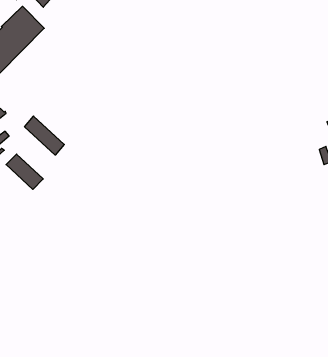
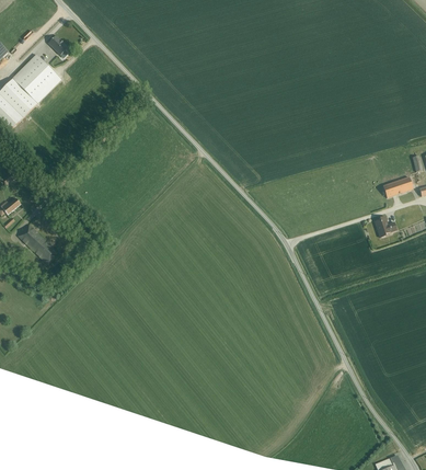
building: [25,116,64,155] -> none

